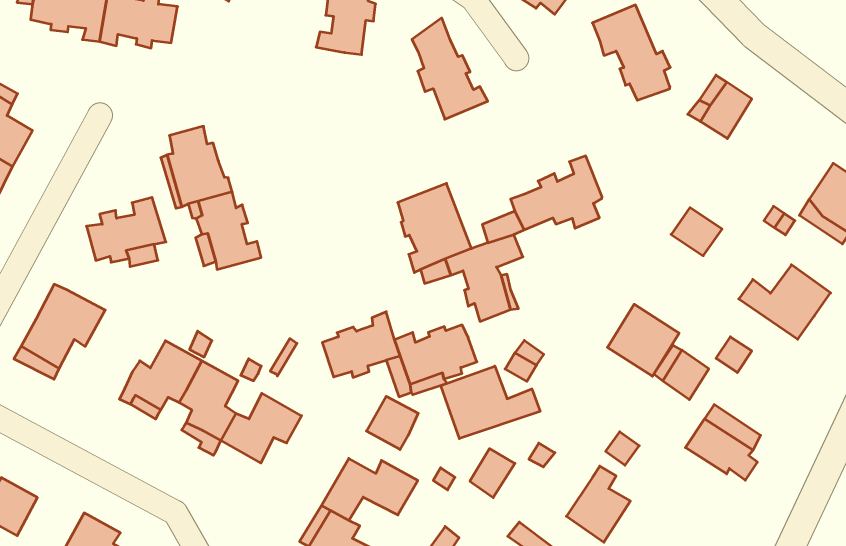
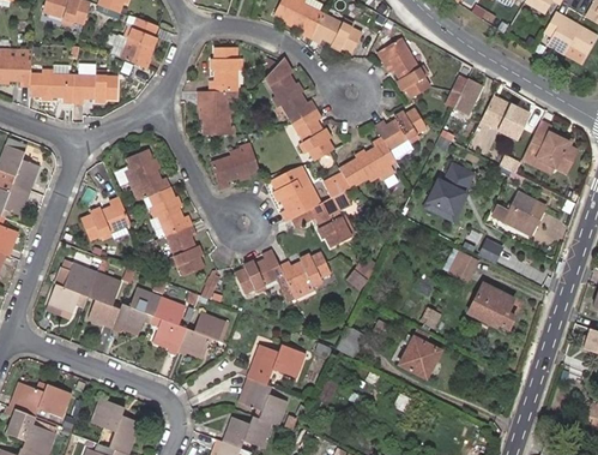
building: none -> [198,91,230,136]
building: none -> [294,112,336,164]
building: none -> [478,97,527,140]
building: none -> [376,112,428,162]
building: none -> [211,150,260,191]
building: none -> [164,226,201,276]
building: [607,304,679,376] -> [424,178,467,221]
building: none -> [89,270,122,324]
building: [441,366,540,439] -> none
building: [366,396,418,450] -> none

